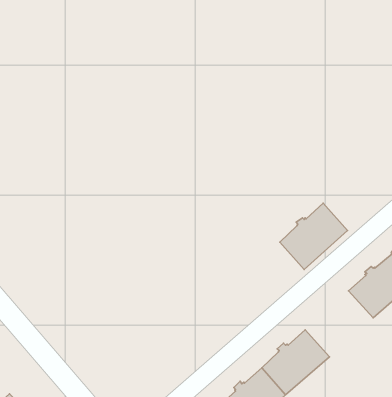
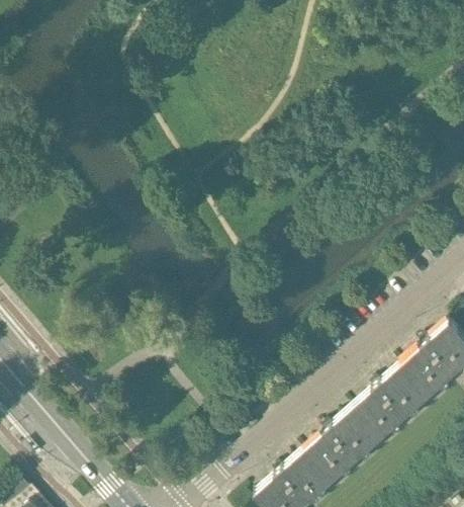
building: [280,203,348,269] -> [355,365,431,439]

